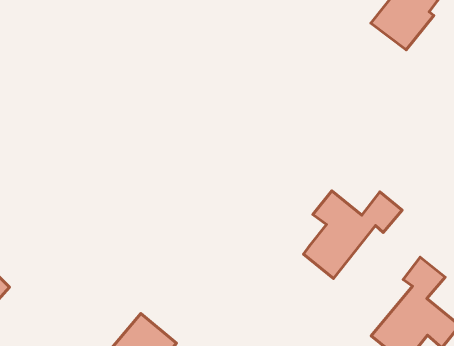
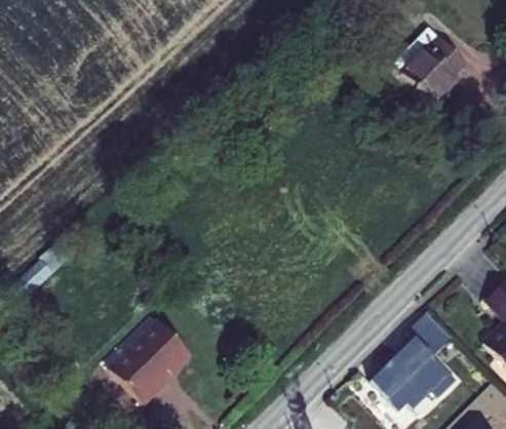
building: [304,191,402,278] -> none

